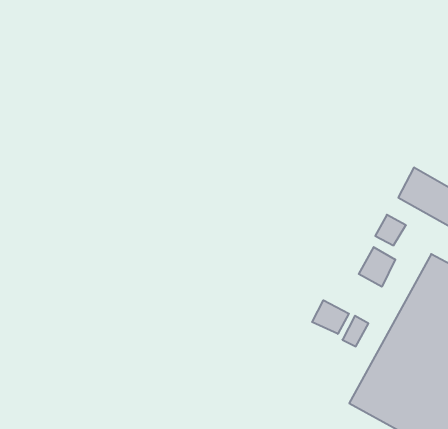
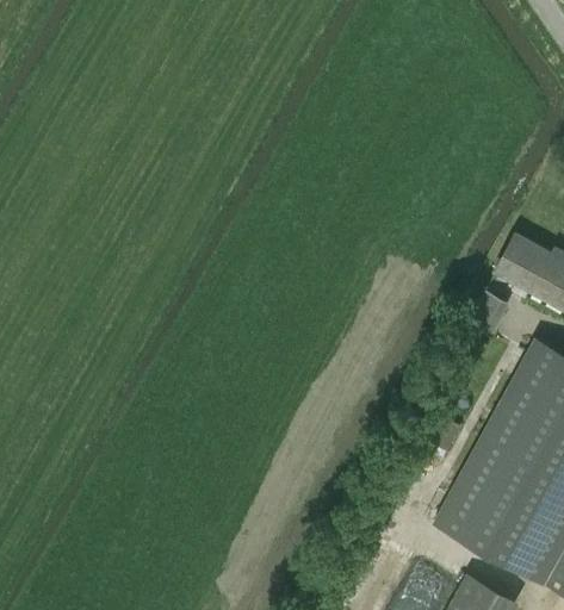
building: [359,247,395,287] -> none
building: [312,300,349,334] -> none

